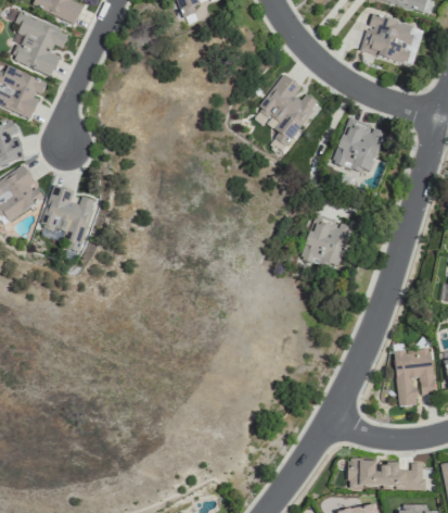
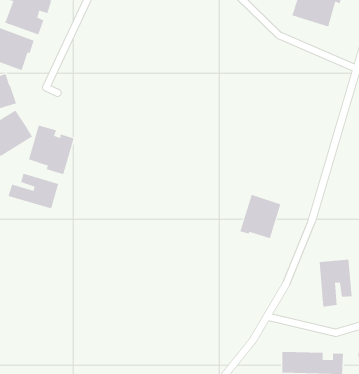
building: [258,73,319,147] -> none
building: [333,118,385,174] -> none
building: [302,213,353,267] -> [239,194,281,239]
building: none -> [8,173,59,209]

